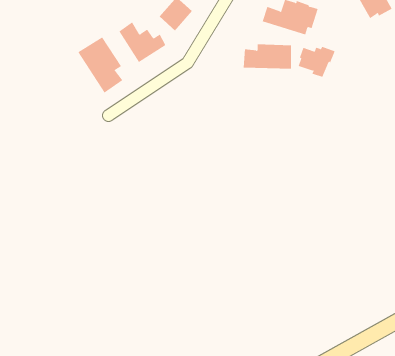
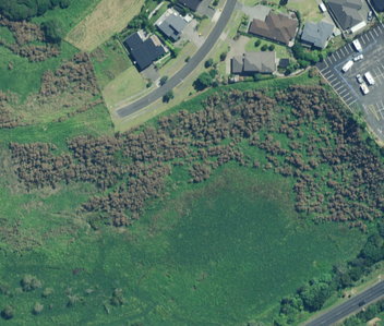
building: [78,37,123,94] -> none
building: [298,46,336,77] -> [301,20,334,47]

